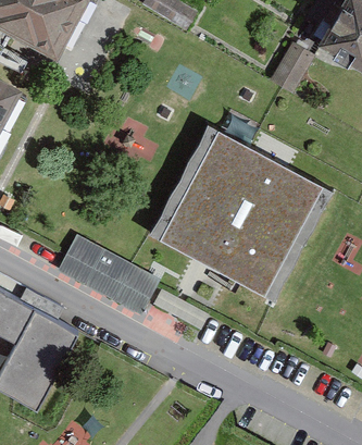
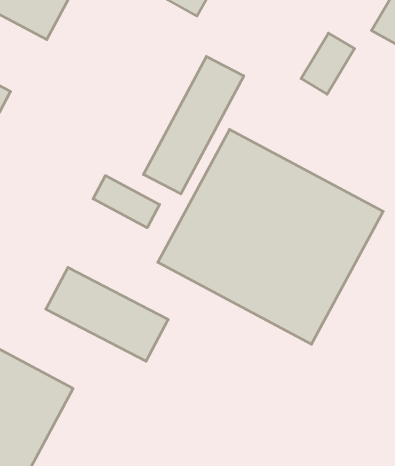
building: none -> [143,56,244,194]
building: none -> [93,176,160,228]

